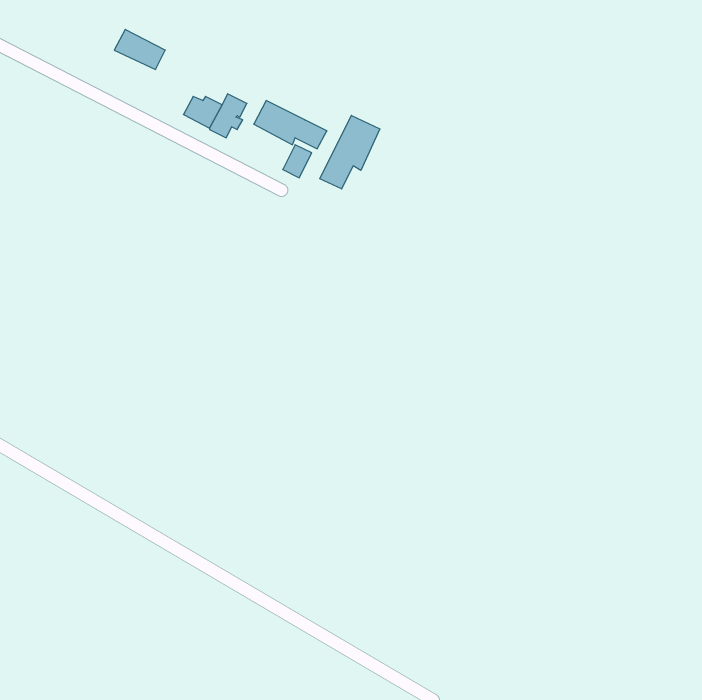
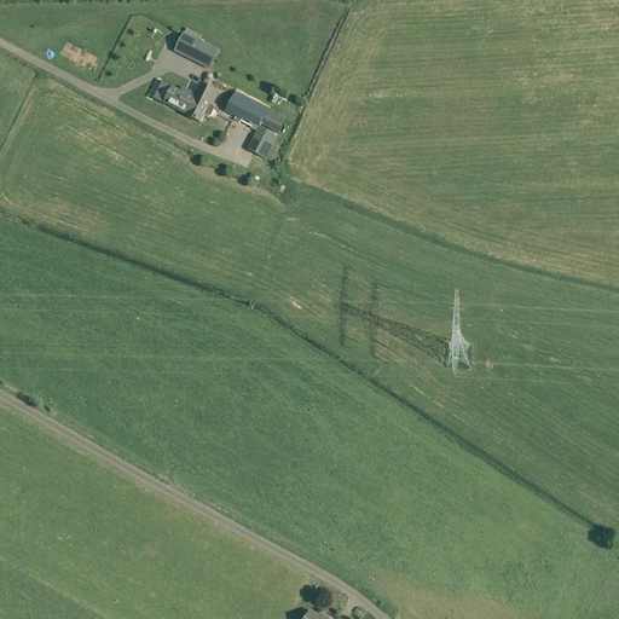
building: [114,29,165,69] -> [173,31,218,66]
building: [320,115,380,189] -> none

